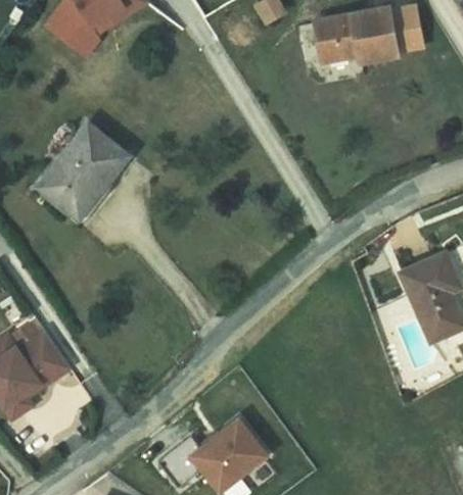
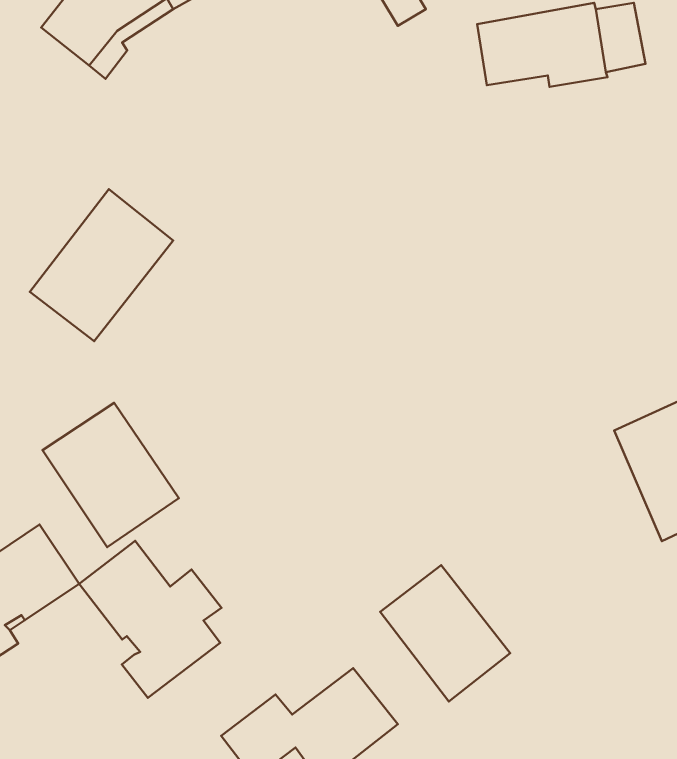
building: none -> [42,403,179,547]
building: none -> [79,541,222,698]
building: none -> [380,565,510,701]

